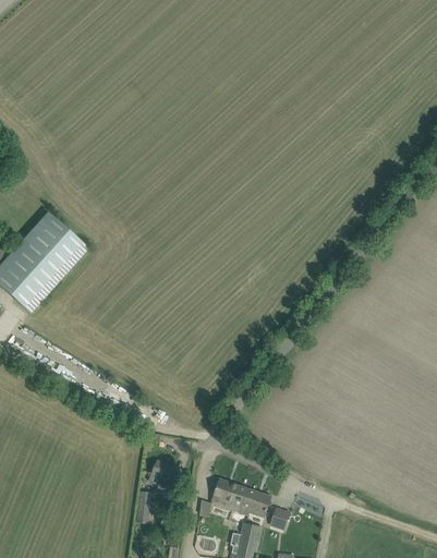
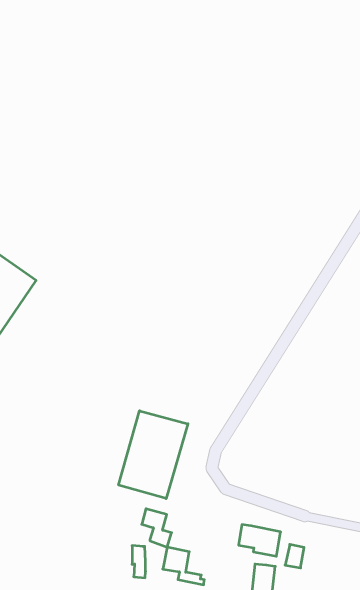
building: none -> [119,411,188,499]
building: [213,478,247,515] -> [163,547,204,585]

